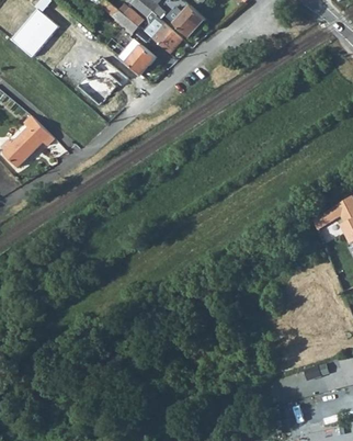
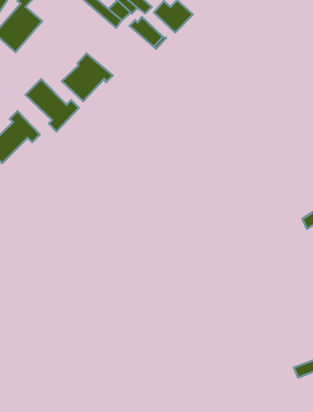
building: [119,42,155,75] -> none
building: none -> [26,79,79,131]

